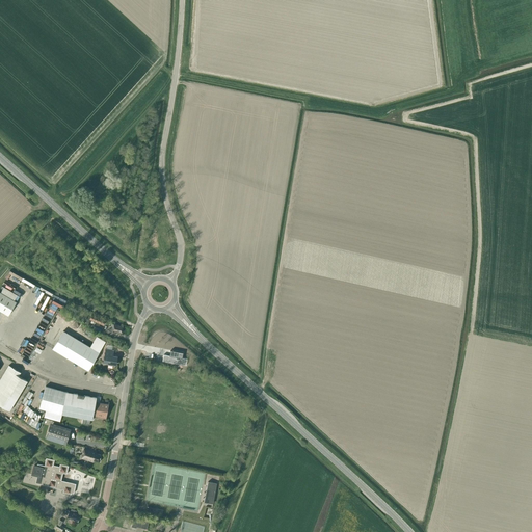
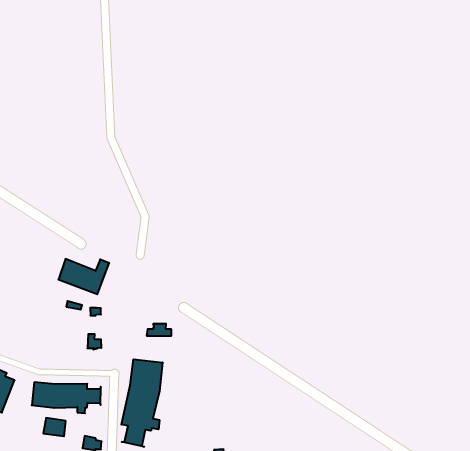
building: [52,330,104,370] -> [58,259,109,294]
building: none -> [121,359,163,447]

